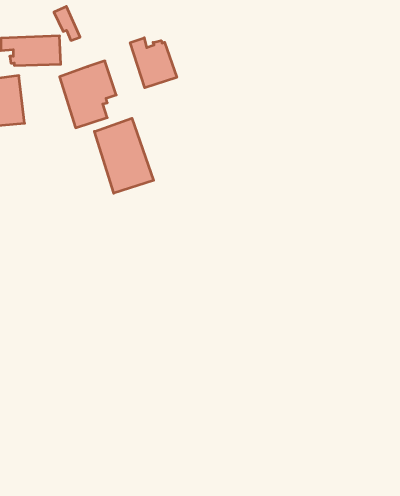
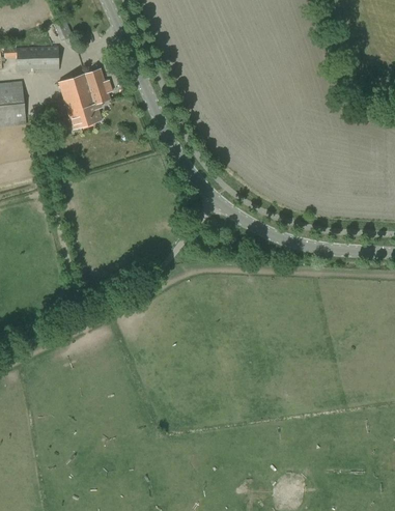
building: [130,38,177,88] -> none
building: [94,118,154,193] -> none

